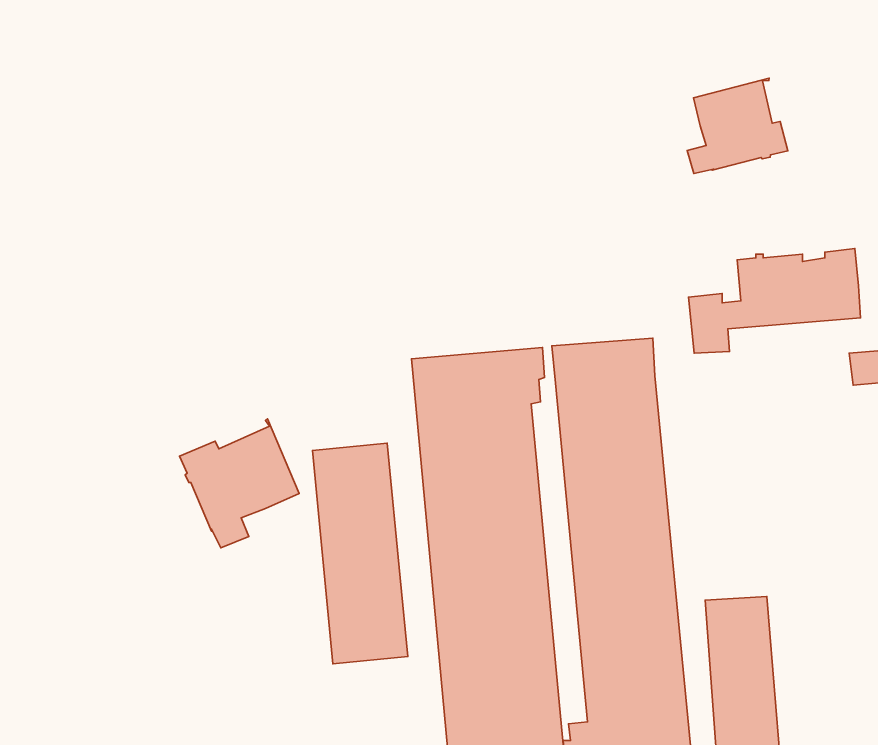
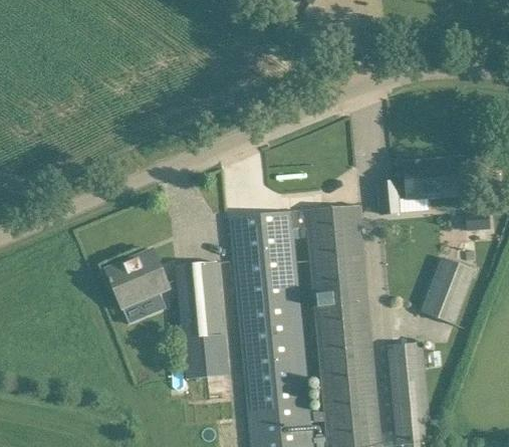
building: [687,78,788,173] -> none
building: none -> [422,257,476,323]

